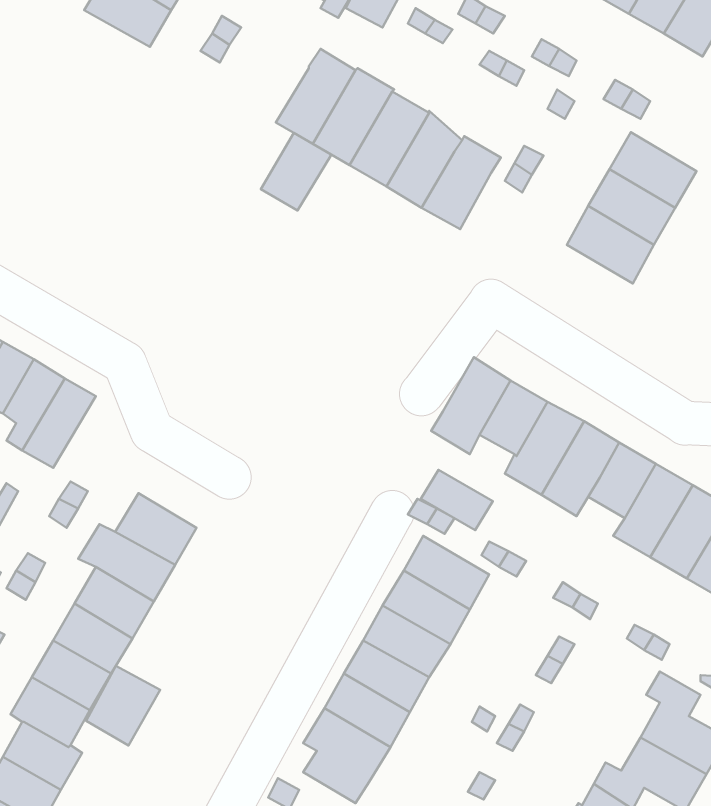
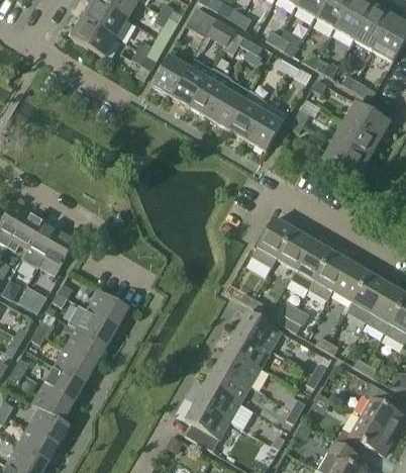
building: [261,133,331,210] -> [151,56,188,96]
building: [421,470,493,530] -> none
building: [86,666,160,745] -> none

